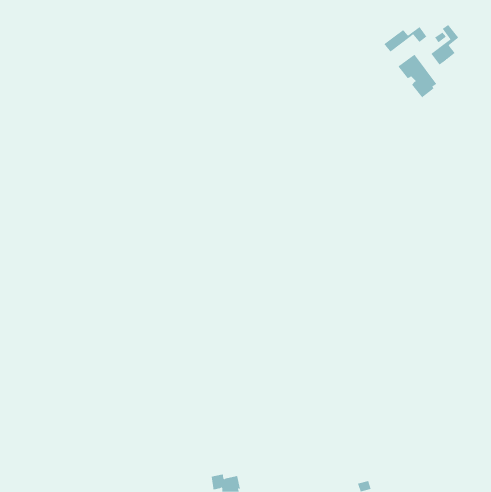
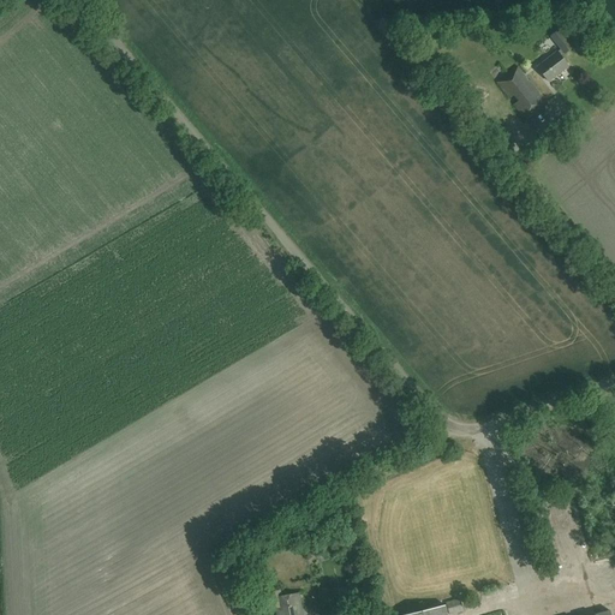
building: [384,26,427,52] -> none

